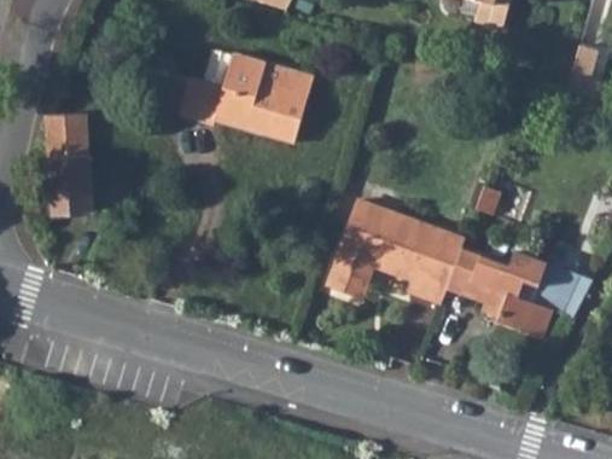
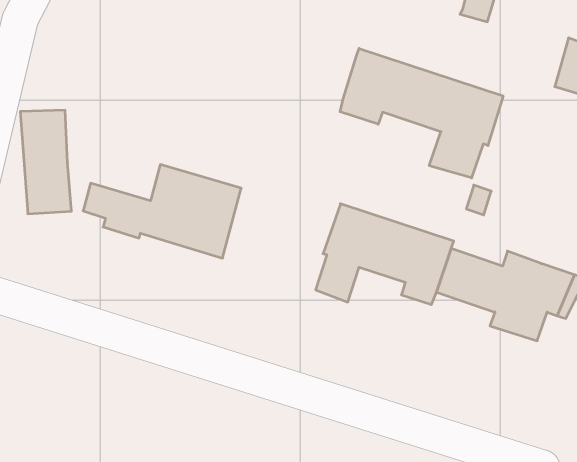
building: none -> [340,48,503,178]
building: [157,54,310,145] -> [83,165,241,258]

